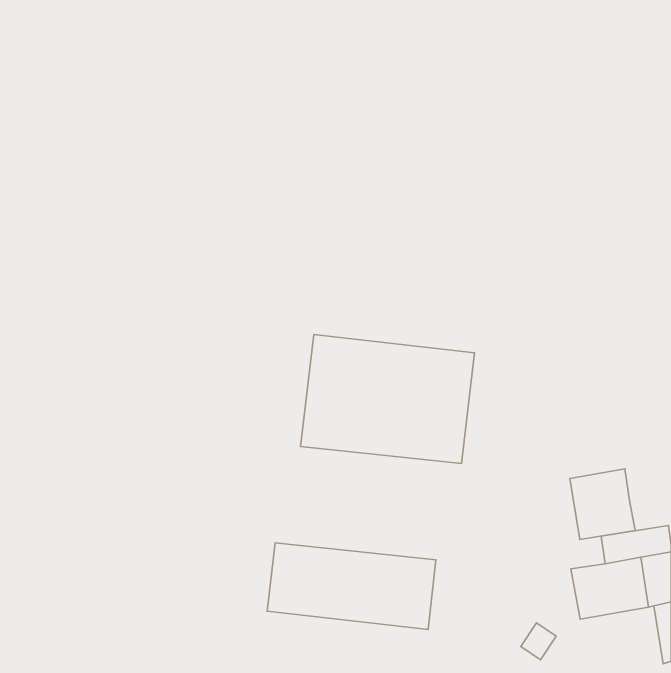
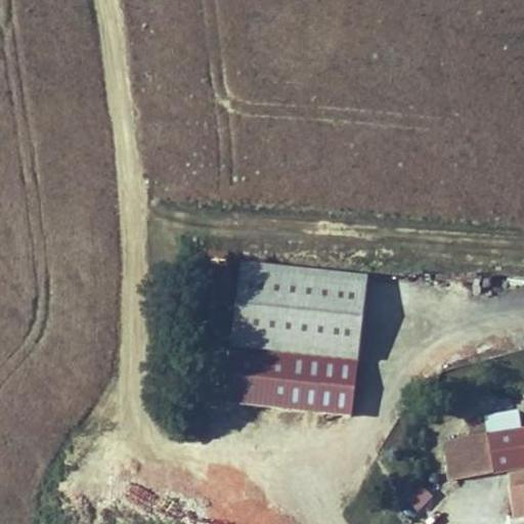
building: [570,469,635,539] -> none
building: [267,543,436,630] -> [227,347,358,414]

